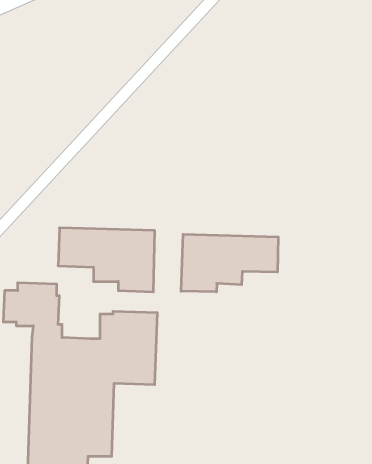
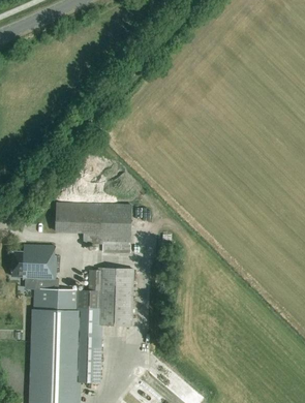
building: [181,234,278,292] -> none

